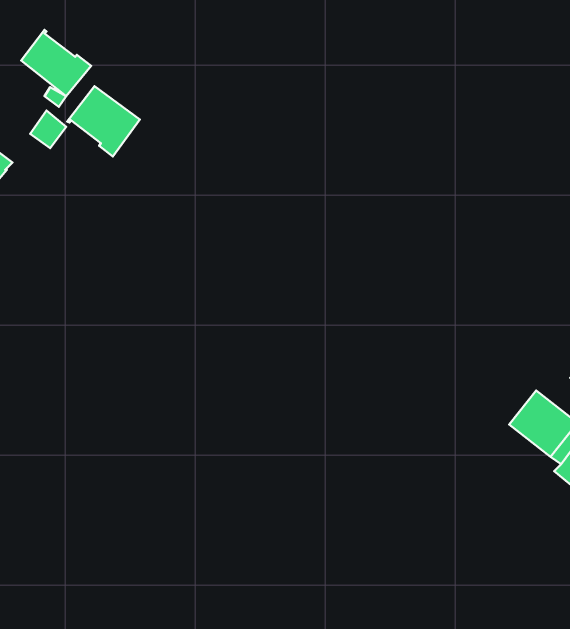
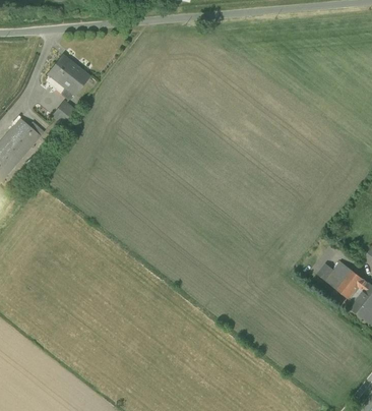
building: [67,86,140,157] -> none

